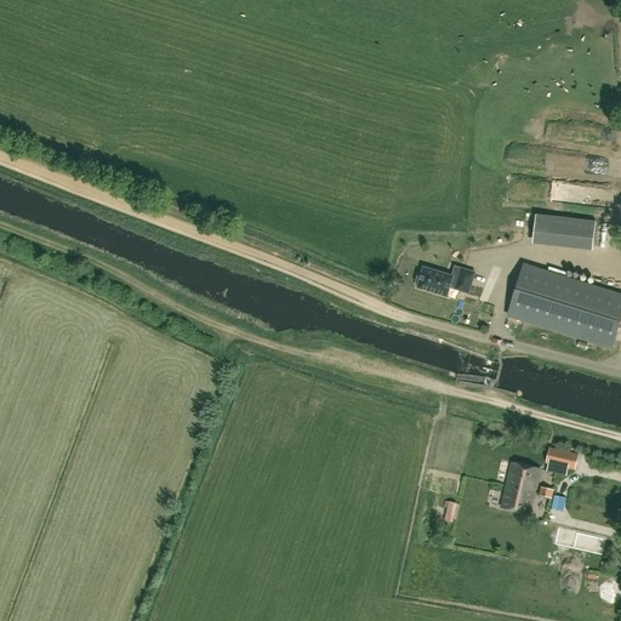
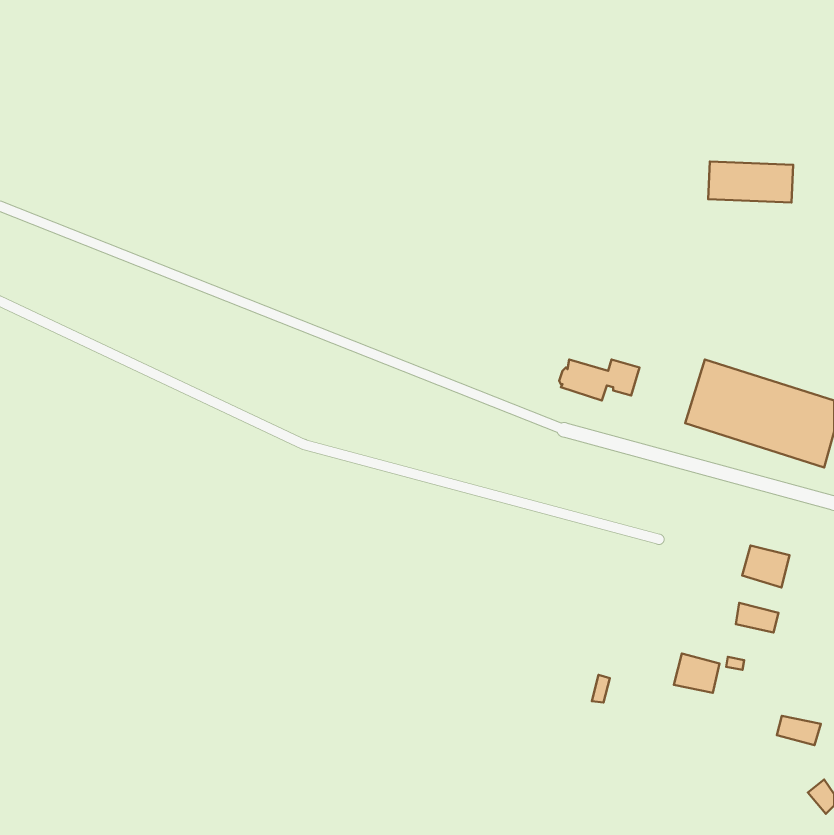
building: [531,213,594,244] -> [708,162,793,202]
building: none -> [742,546,789,587]
building: [506,463,540,492] -> none

